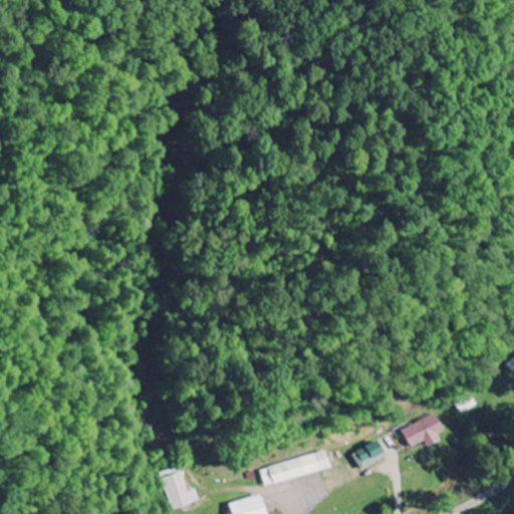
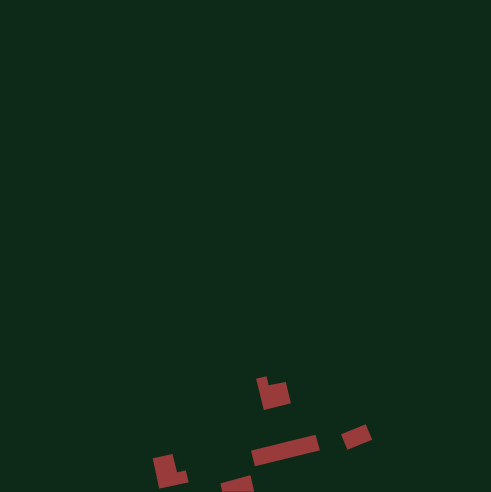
building: none -> [255,375,292,411]
building: [402,413,444,447] -> none

